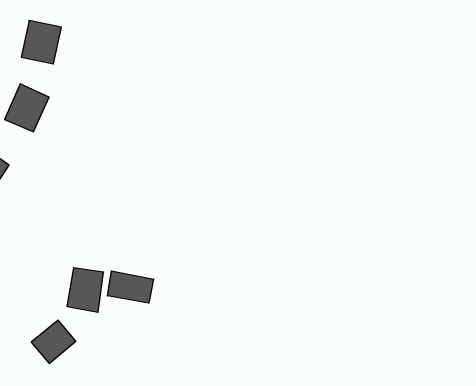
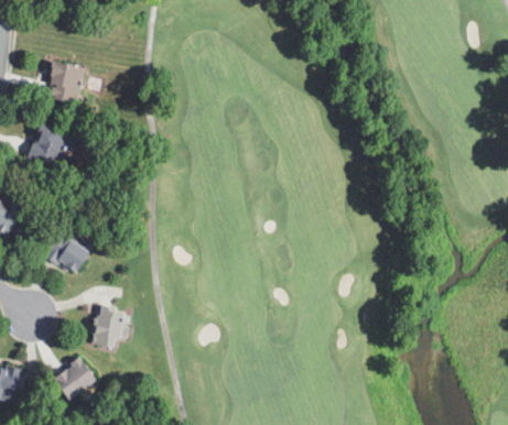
building: none -> [43,230,91,275]
building: [108,271,154,303] -> none

